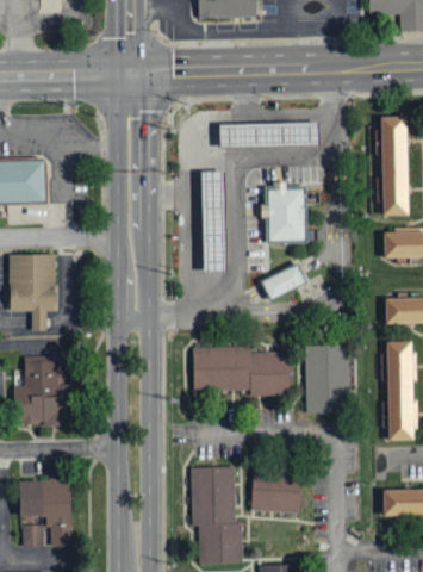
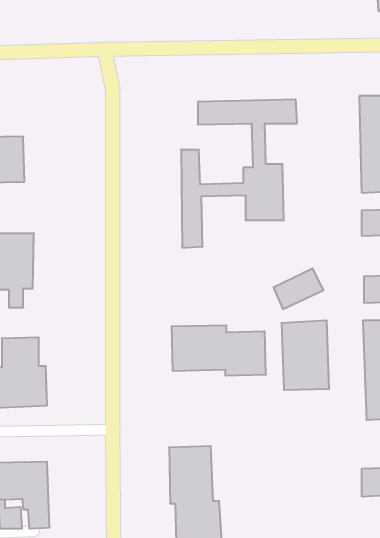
building: [260,260,310,300] -> [273,268,324,309]
building: [250,465,301,511] -> none

